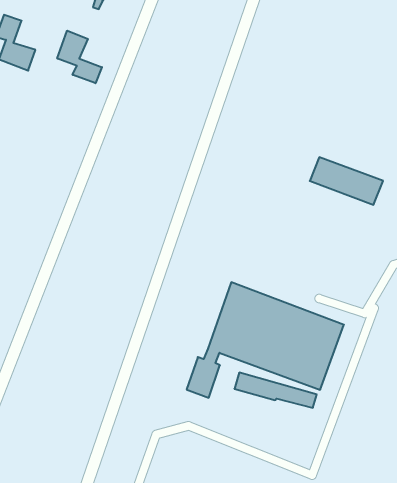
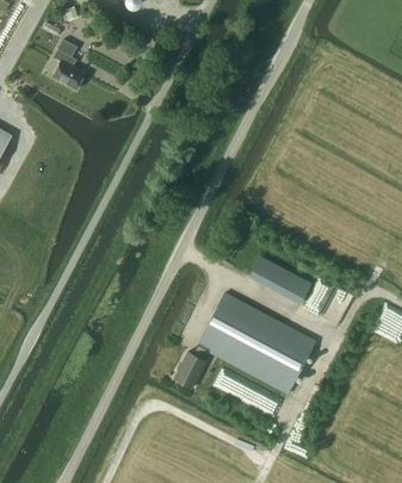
building: [57,31,102,83] -> none
building: [310,157,383,205] -> [249,256,311,303]

